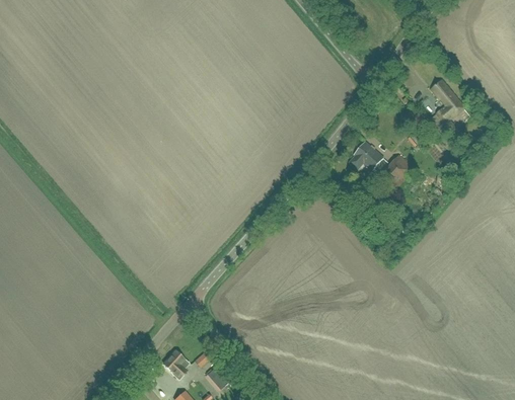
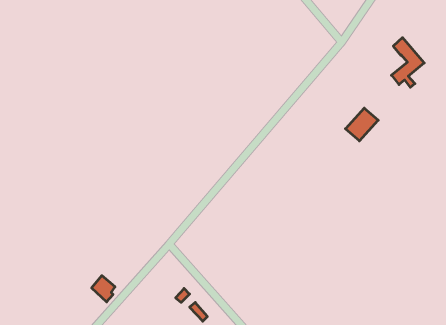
building: [349,141,384,170] -> none
building: [163,349,189,378] -> [92,276,115,302]

